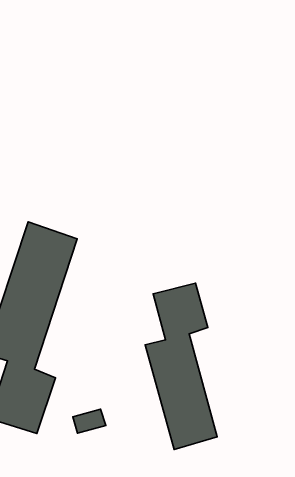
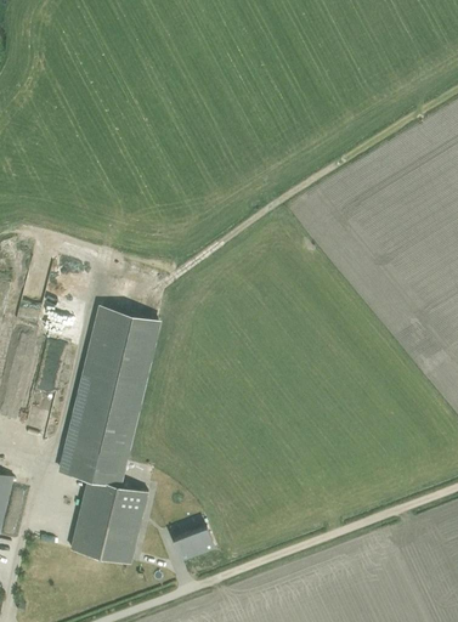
building: [145,283,217,449] -> none

